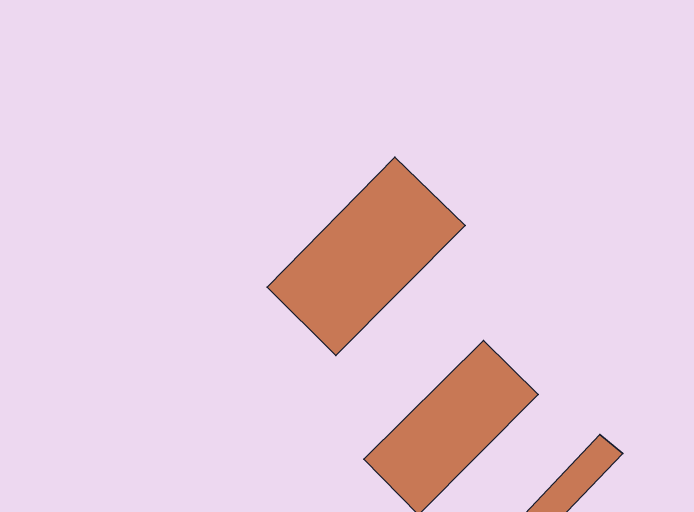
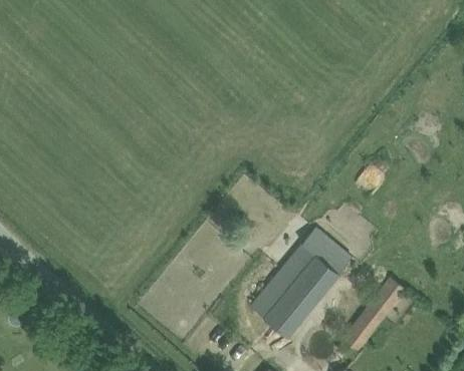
building: [267,157,465,356] -> none

